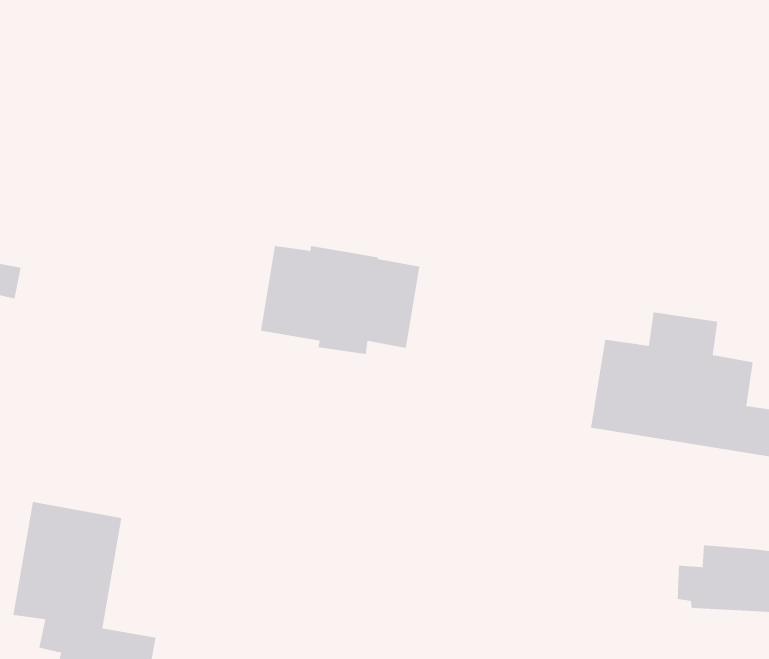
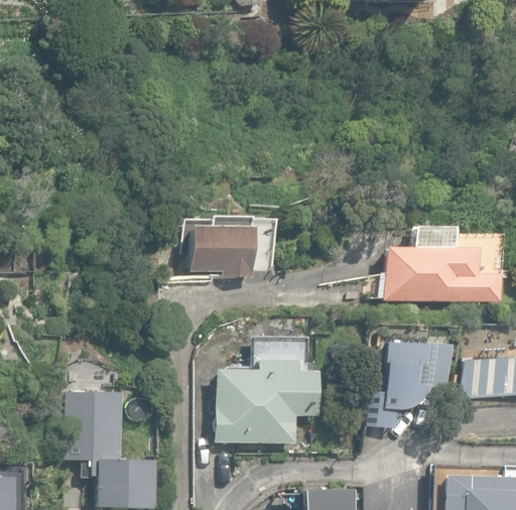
building: none -> [215,358,320,440]
building: none -> [376,343,435,426]

